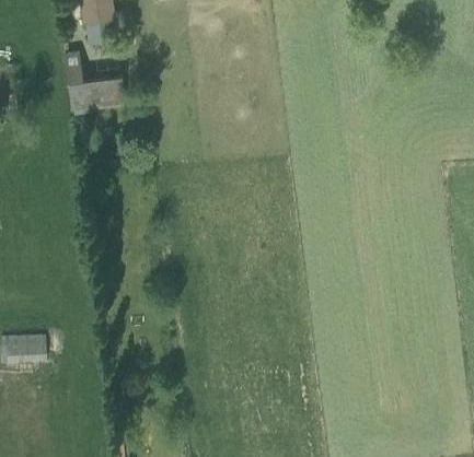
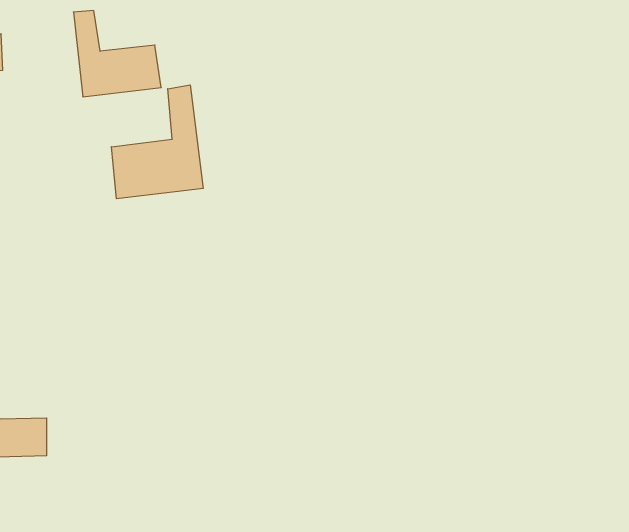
building: none -> [111,85,203,199]

